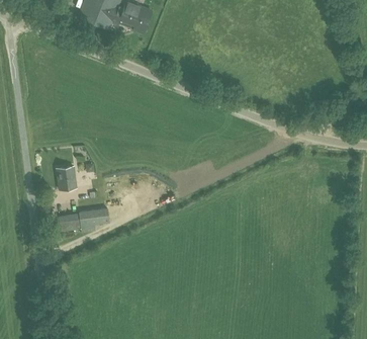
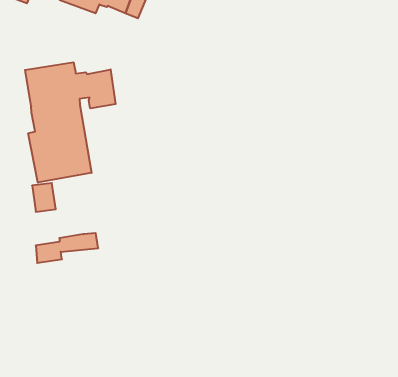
building: none -> [25,62,116,183]

